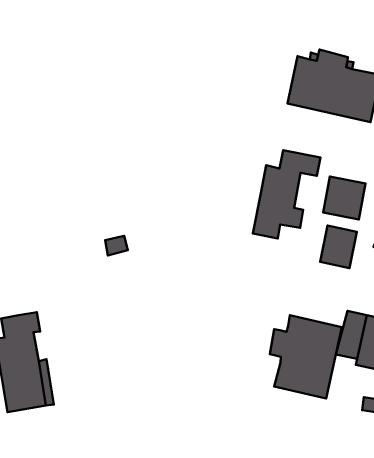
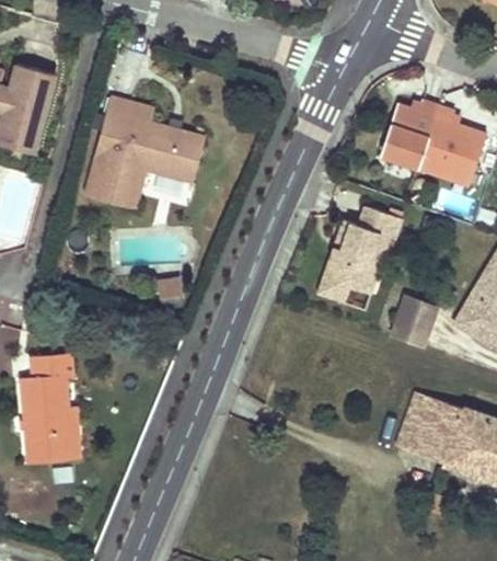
building: none -> [88,98,205,207]
building: [323,176,366,219] -> none
building: [270,315,342,398] -> none

